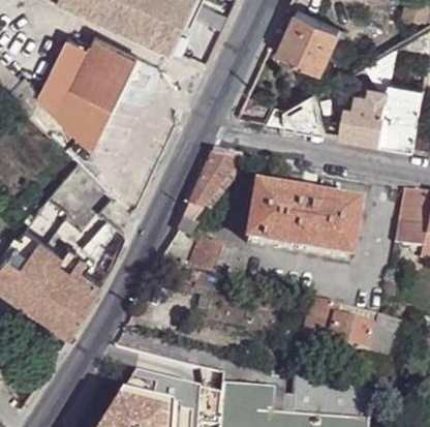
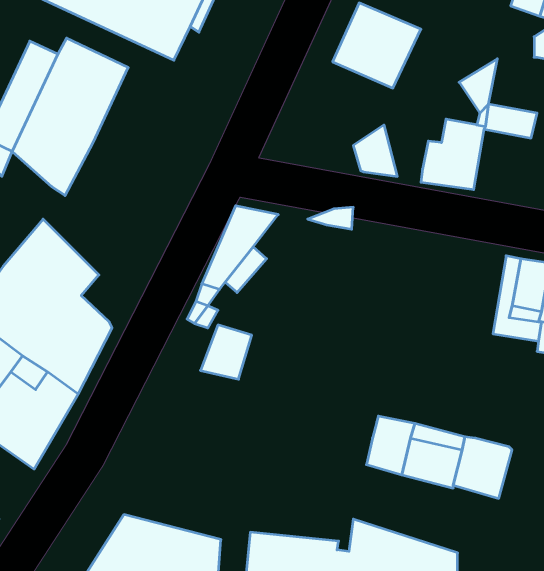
building: [377,100,418,149] -> none
building: [245,190,357,262] -> none

